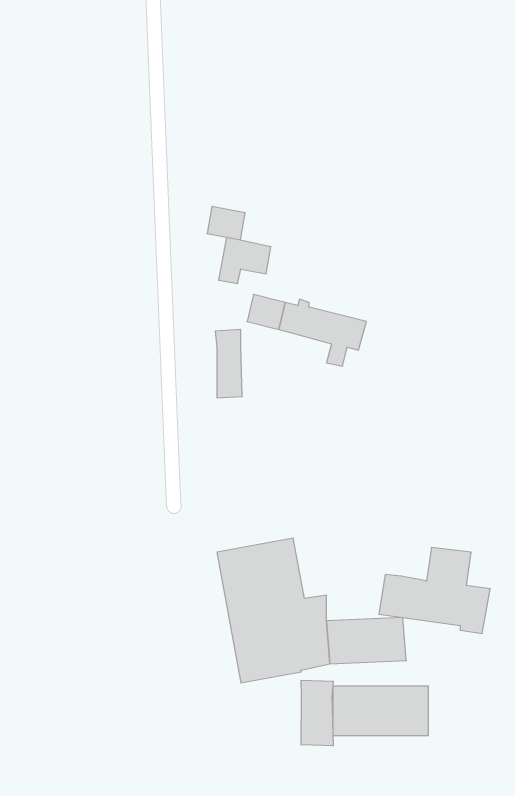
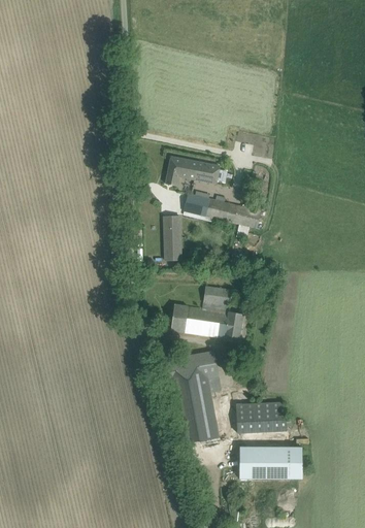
building: [207,206,245,240] -> [196,162,221,184]
building: [379,547,490,633] -> [171,287,243,342]
building: [301,680,333,746] -> none

